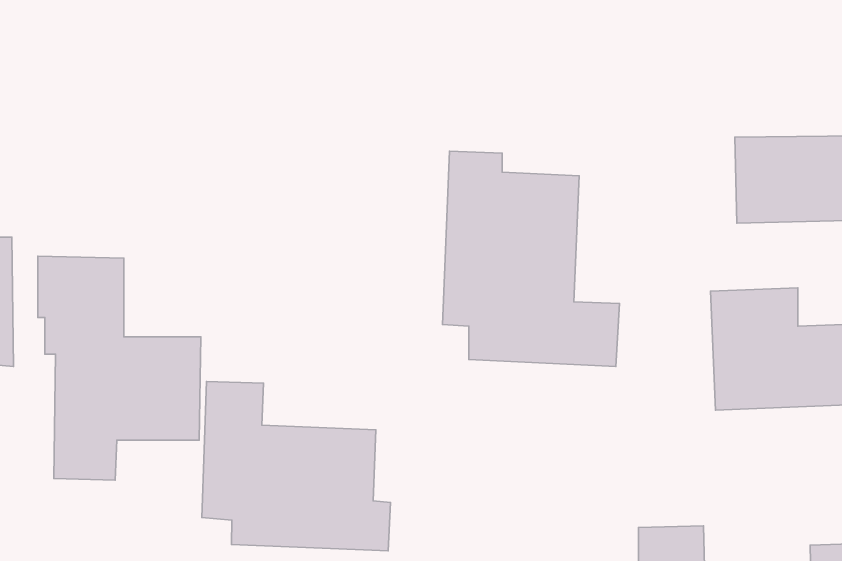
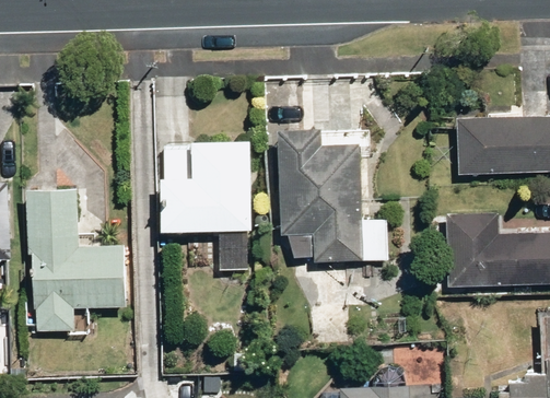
building: none -> [161,141,250,274]
building: [202,382,391,551] -> none

